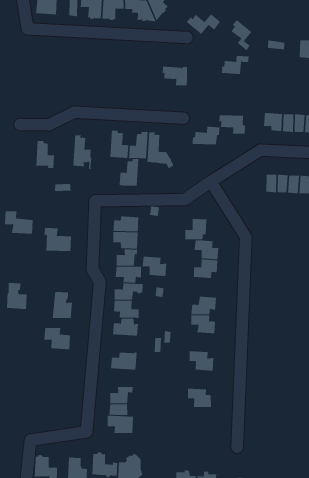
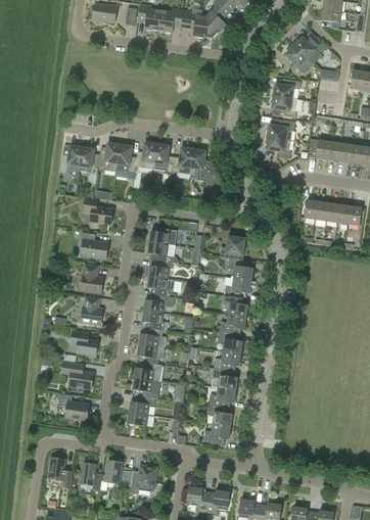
building: [186,13,221,35] -> [292,37,327,58]
building: [162,66,188,86] -> [271,96,297,117]
building: [192,126,220,145] -> [266,121,295,140]
building: none -> [98,142,121,175]
building: none -> [60,144,83,173]
building: [119,159,139,186] -> [135,141,157,169]
building: [4,211,34,234] -> [84,198,113,224]
building: [142,256,167,277] -> [223,295,248,318]
building: [6,282,27,309] -> [81,265,103,293]
building: none -> [214,350,241,371]
building: none -> [137,344,165,365]
building: none -> [62,363,94,389]
building: none -> [209,387,236,408]
building: none -> [55,392,89,420]
building: none -> [203,424,231,444]
building: [107,415,134,433] -> [133,378,160,398]

